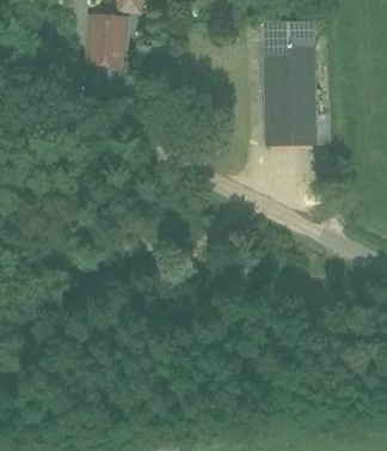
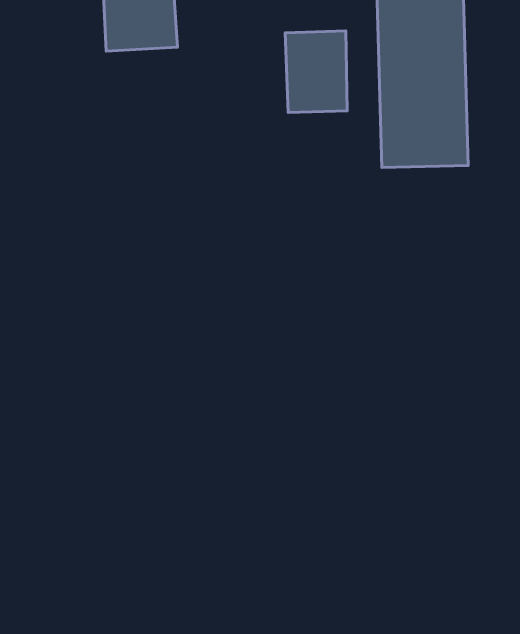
building: none -> [285,31,347,113]

